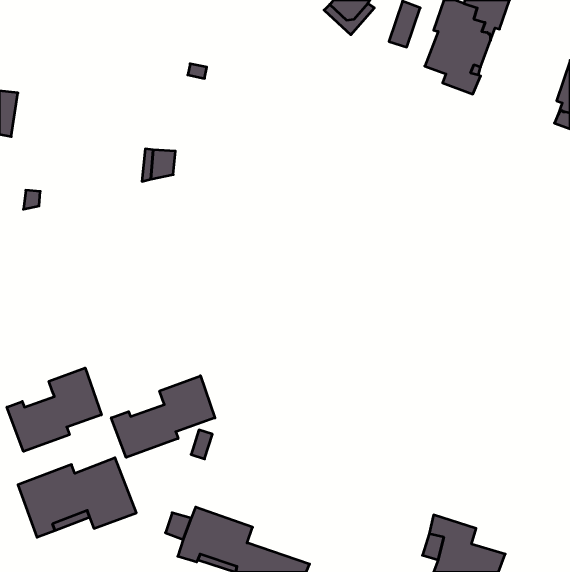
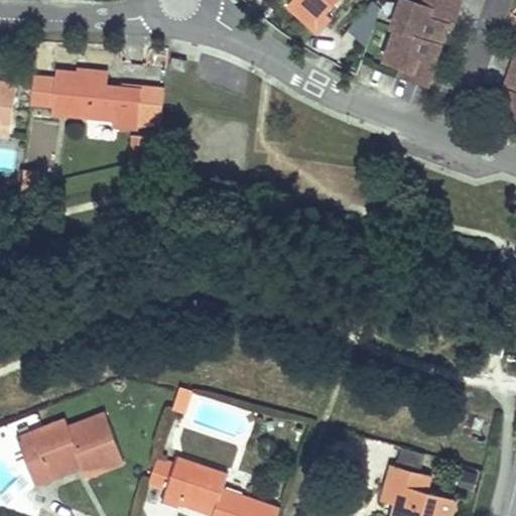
building: none -> [29,70,163,128]
building: [7,368,101,451] -> none
building: [111,376,215,457] -> none

